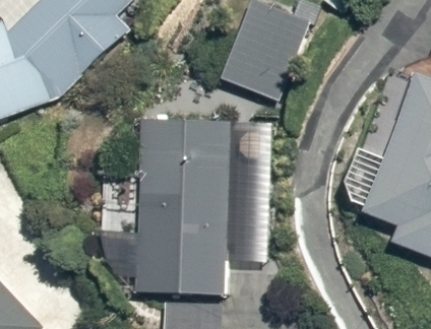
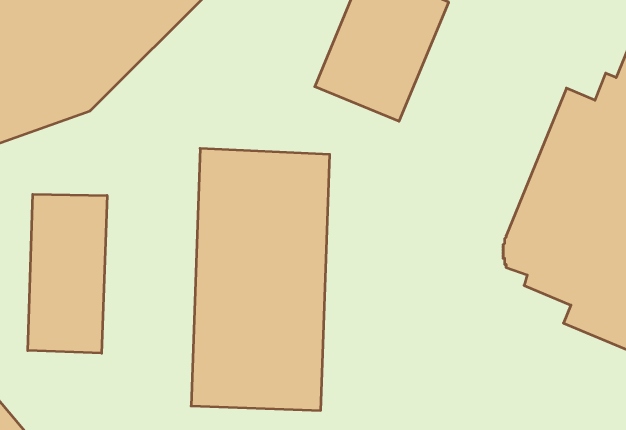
building: none -> [28,194,107,353]

